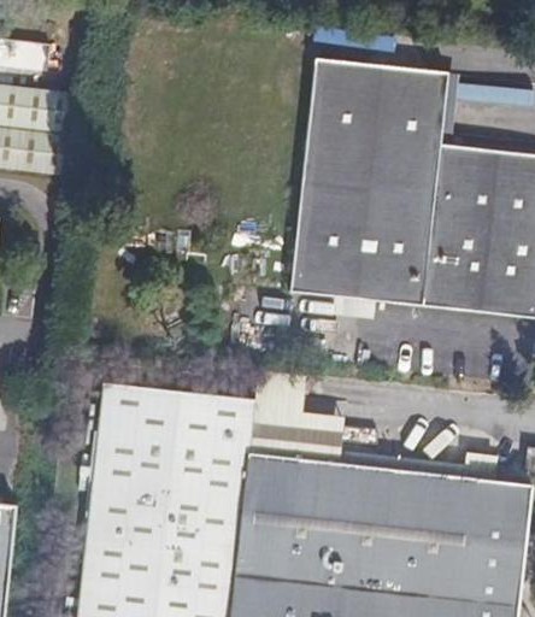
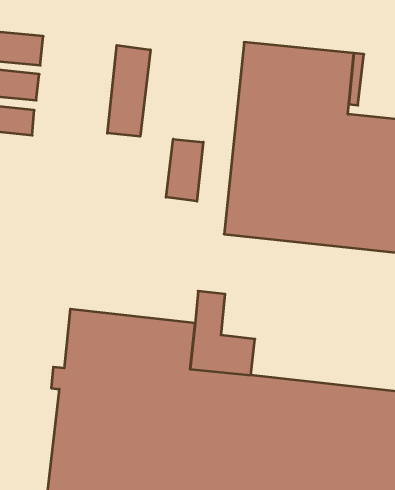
building: none -> [107,45,150,136]
building: none -> [166,139,203,201]

